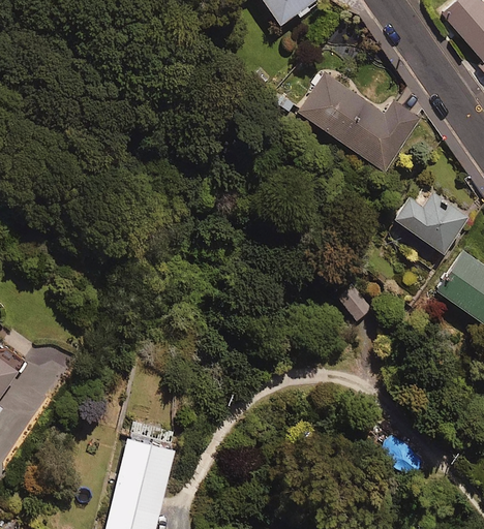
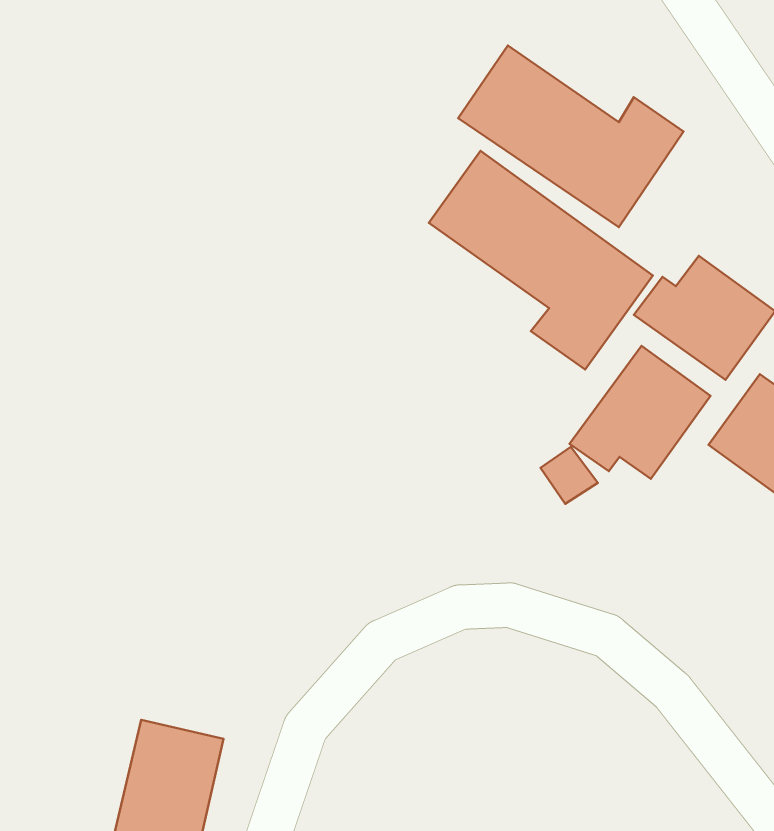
building: none -> [429,151,653,370]
building: none -> [570,346,711,479]

